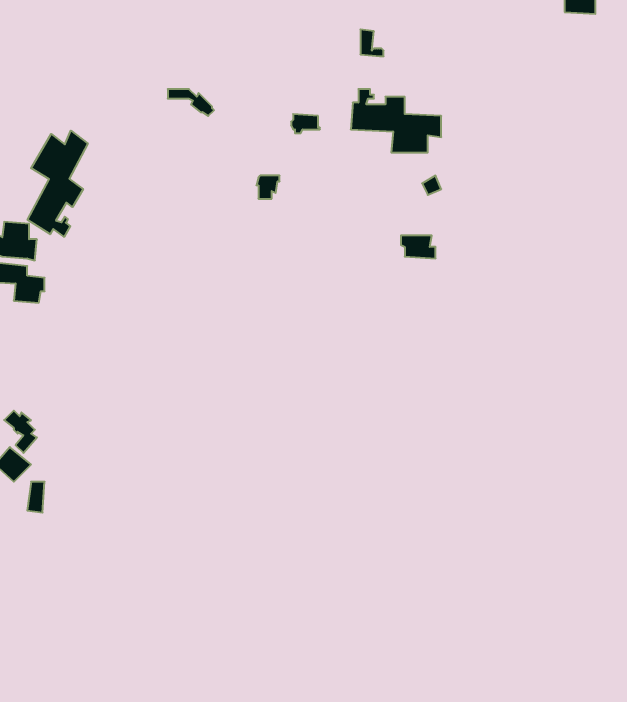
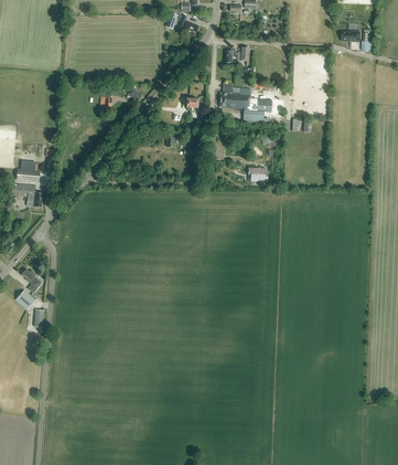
building: [28,131,88,237] -> none

